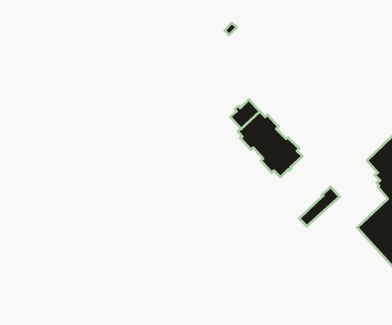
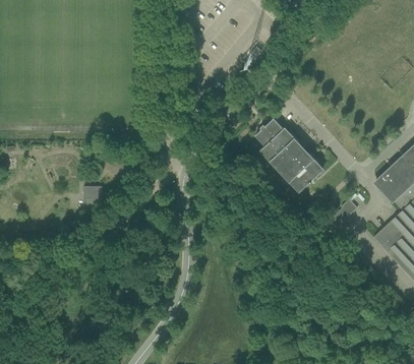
building: none -> [83,186,102,209]

